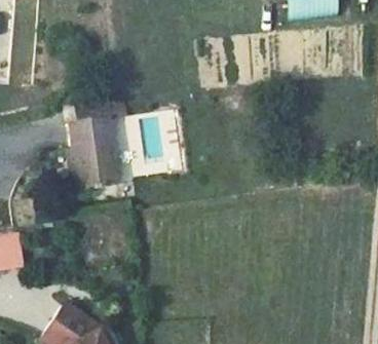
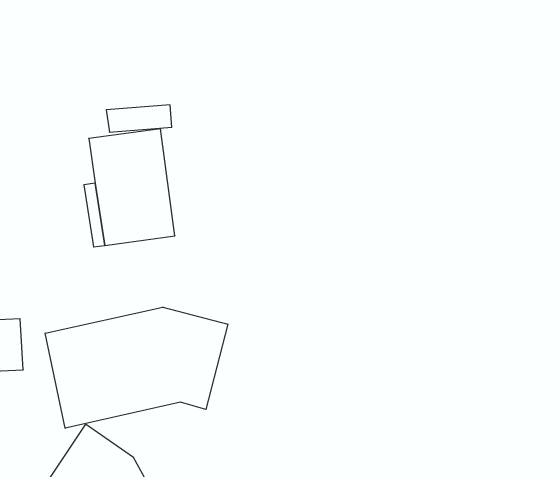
building: none -> [45,307,228,428]

